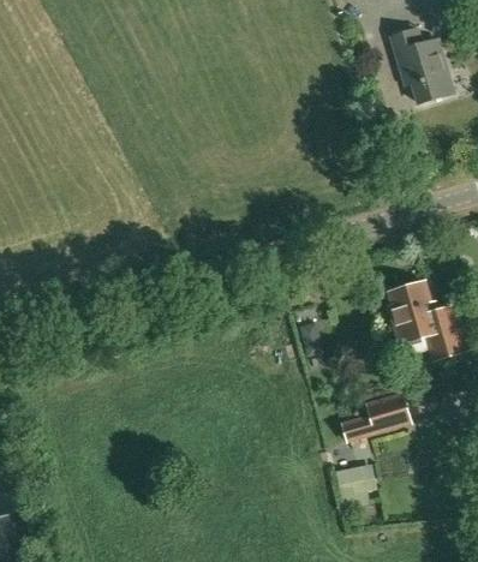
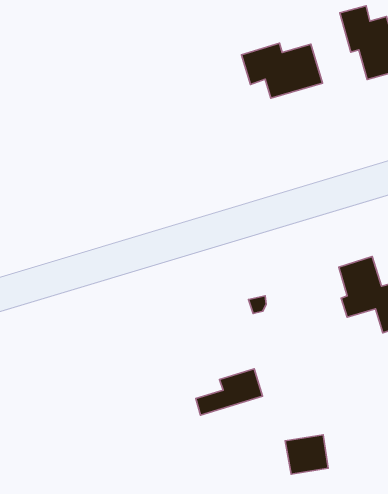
building: none -> [242,43,323,98]
building: [342,394,410,441] -> [196,369,262,415]

